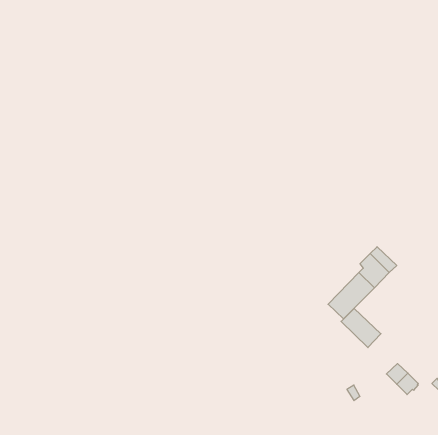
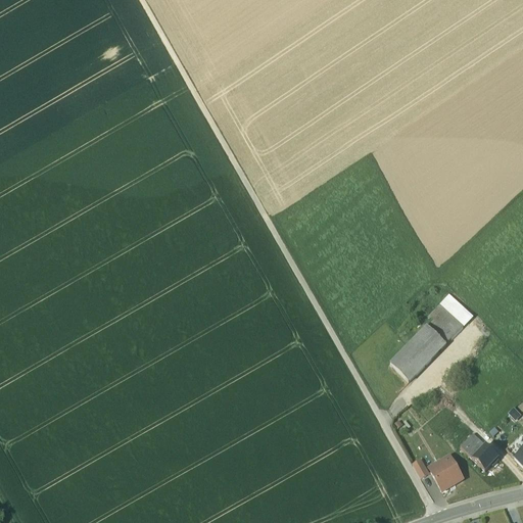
building: [341,308,381,348] -> none
building: none -> [432,454,464,488]

